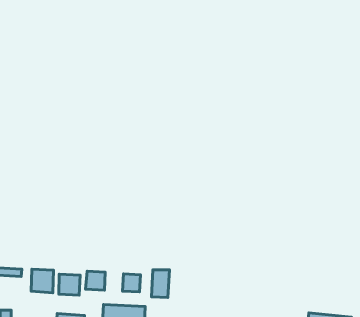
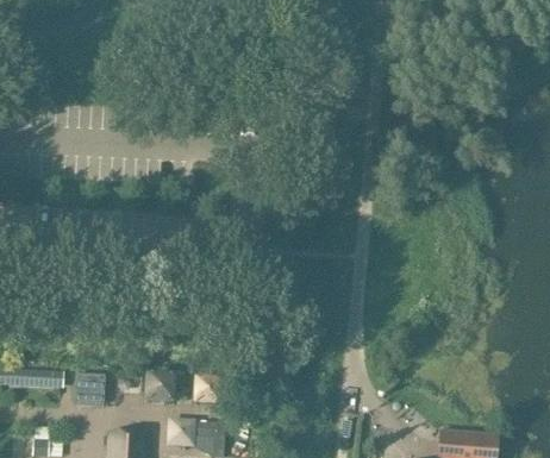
building: [151,270,169,298] -> none
building: [59,274,80,295] -> none

